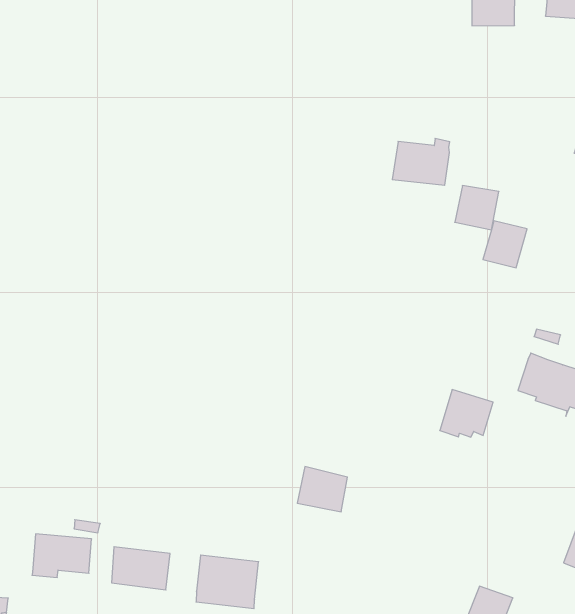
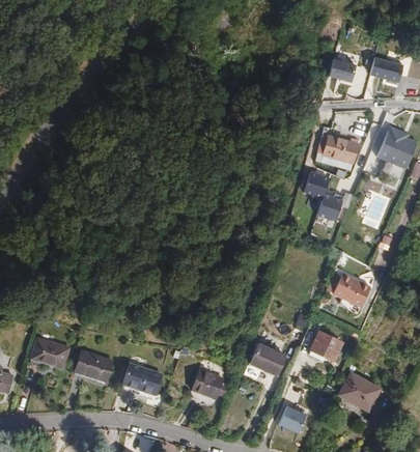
building: [392,138,450,185] -> [323,135,359,164]
building: [440,390,493,437] -> [308,331,341,360]
building: [297,467,347,512] -> [191,372,222,401]
building: none -> [245,344,285,379]

